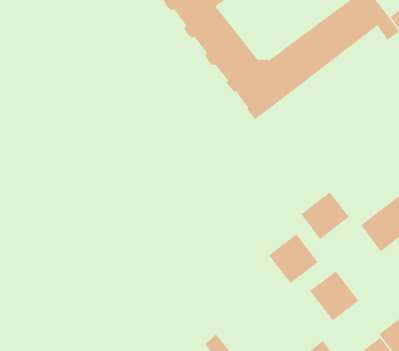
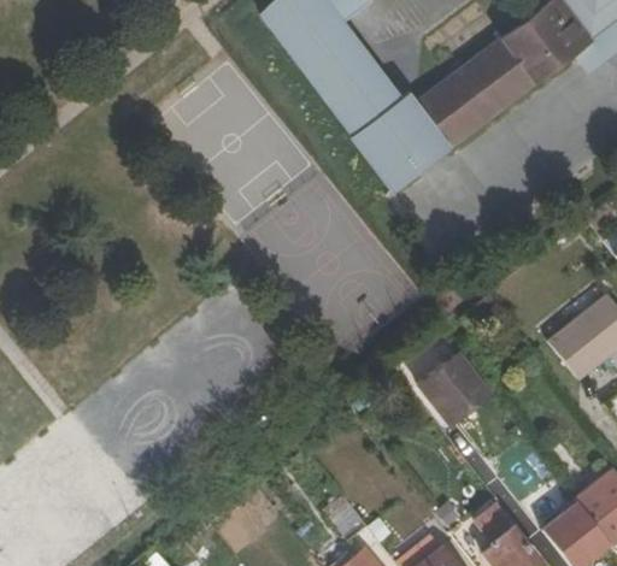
building: [300,191,350,240] -> none
building: [310,270,359,321] -> none

